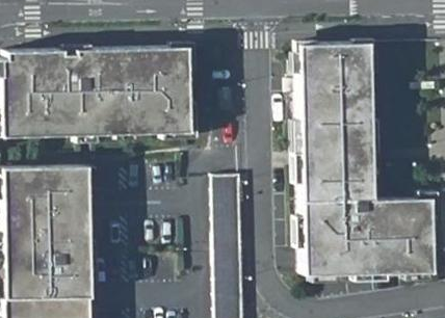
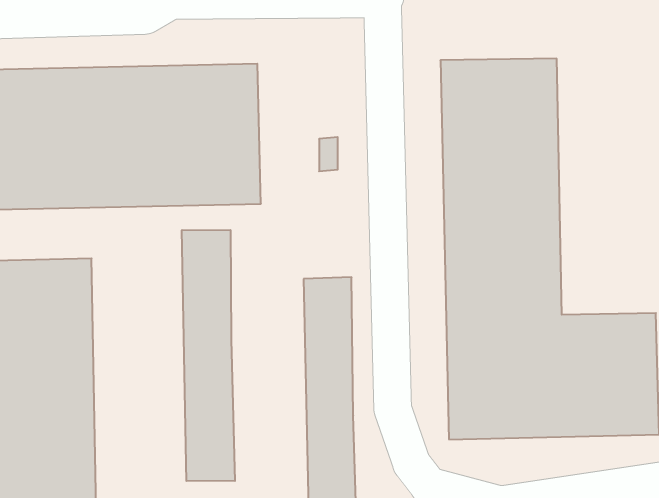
building: none -> [182,230,235,481]

